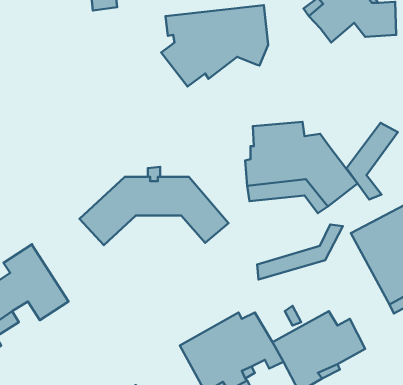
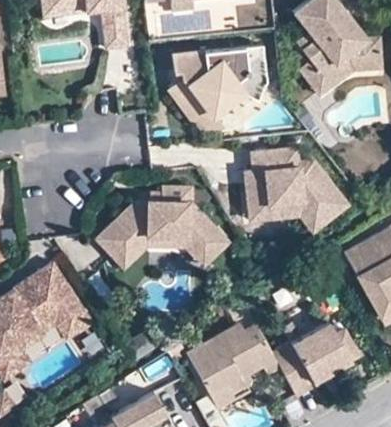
building: none -> [303,60,355,99]
building: none -> [194,91,256,126]
building: [346,123,398,200] -> none
building: [257,225,343,279] -> none

